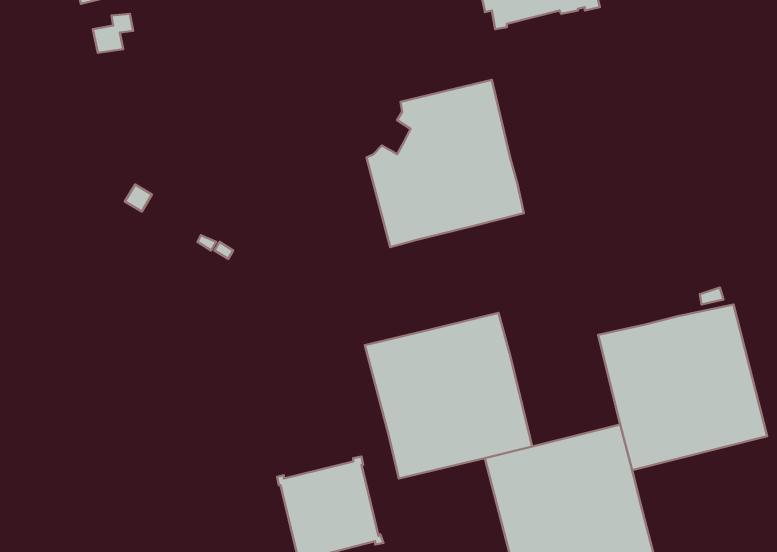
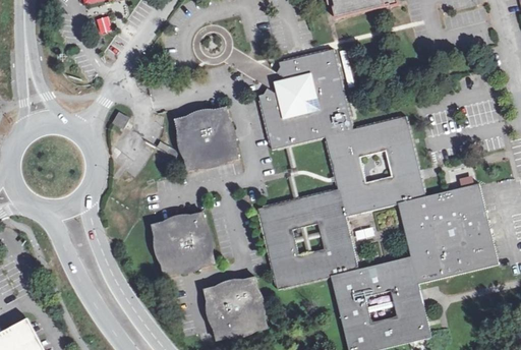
building: none -> [174,107,238,171]
building: none -> [324,116,424,216]
building: none -> [151,212,214,275]

